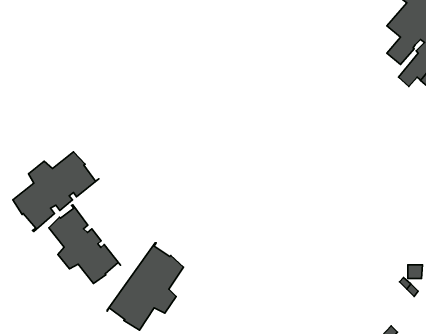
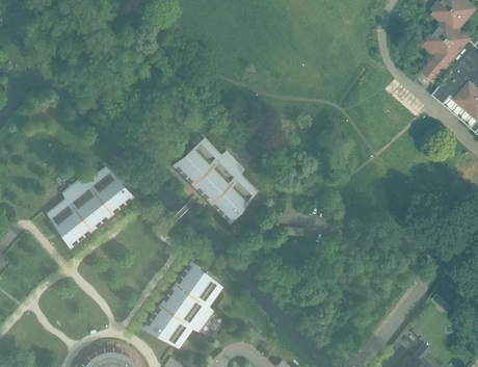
building: none -> [171,140,254,224]
building: [49,205,120,283] -> none

